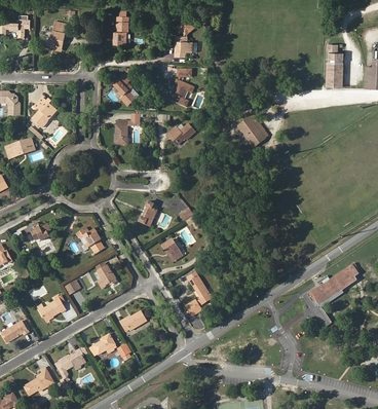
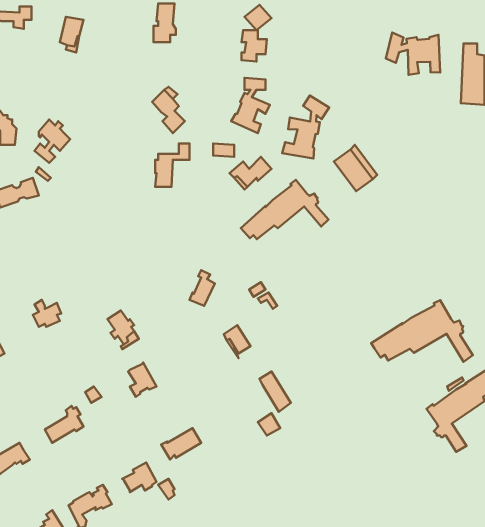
building: none -> [386,32,440,75]
building: none -> [282,96,329,158]
building: none -> [241,180,329,239]
building: none -> [371,300,473,362]

